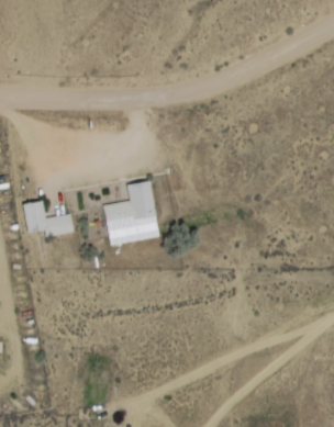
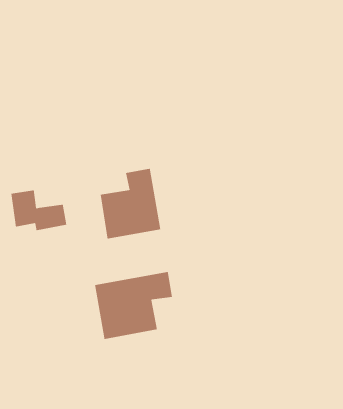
building: none -> [94,271,172,340]

